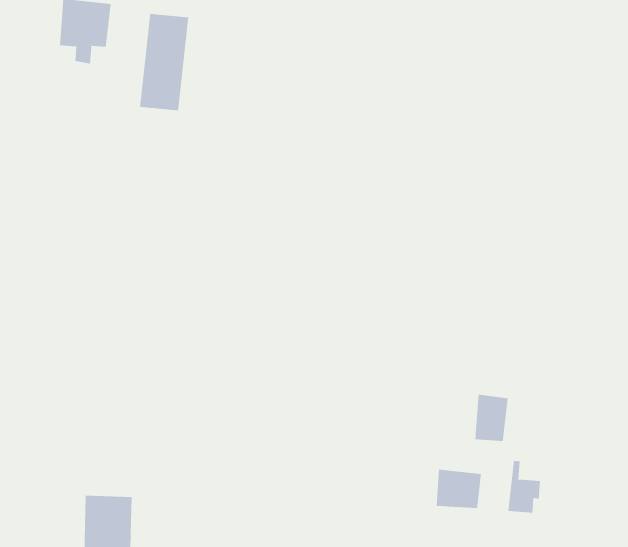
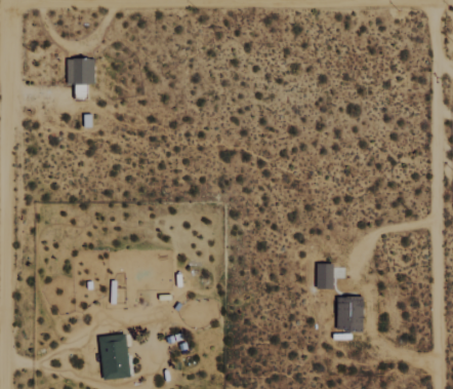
building: [140,13,189,111] -> none
building: [436,469,481,509] -> none

